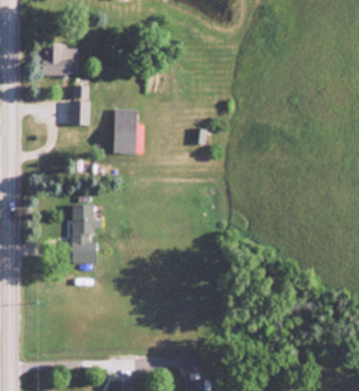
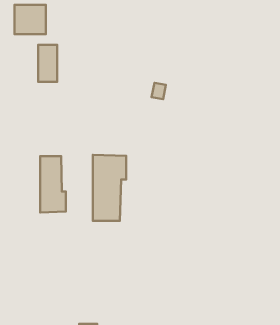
building: [114,109,139,153] -> none
building: none -> [93,155,126,221]

